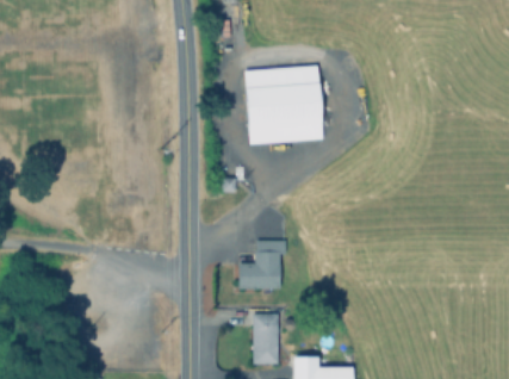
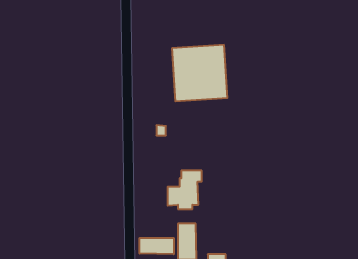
building: none -> [140,238,174,254]

